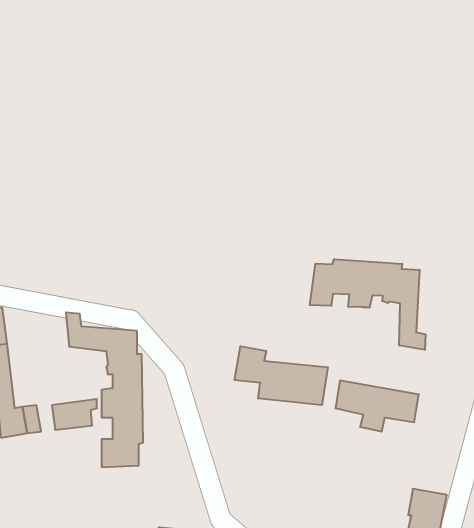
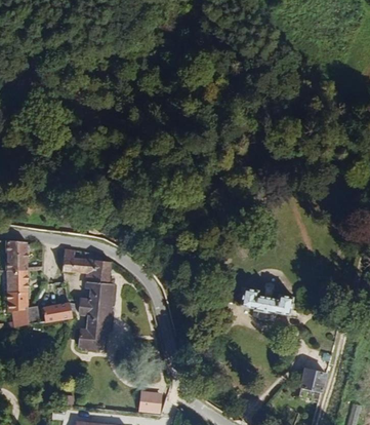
building: [310,259,426,350] -> none
building: [234,346,328,405] -> none

